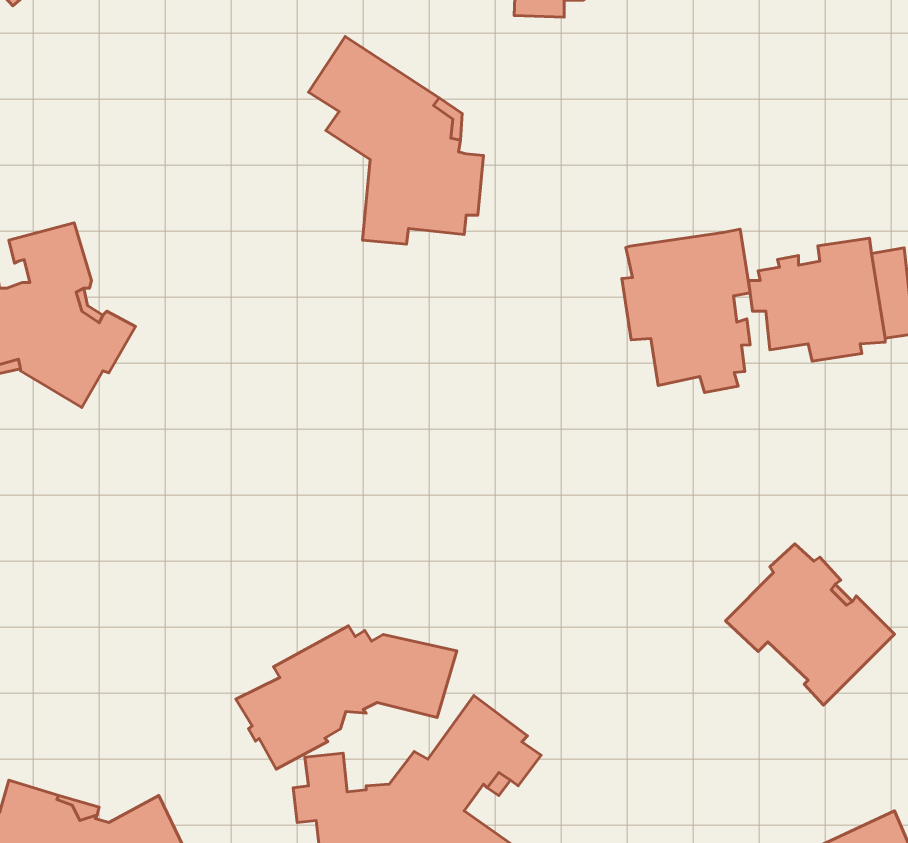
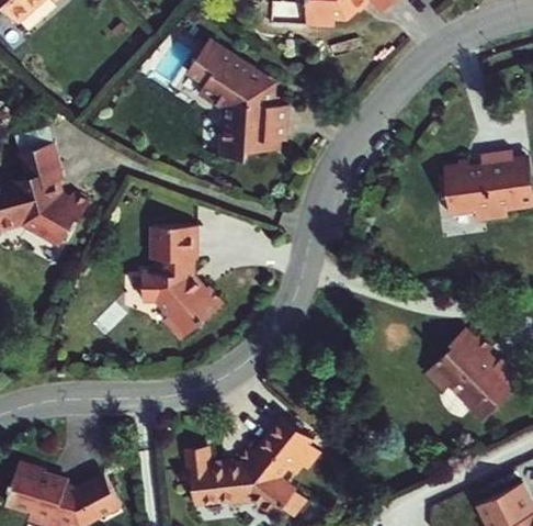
building: [622,229,750,392] -> none
building: none -> [141,226,222,342]
building: [236,626,457,769] -> none

